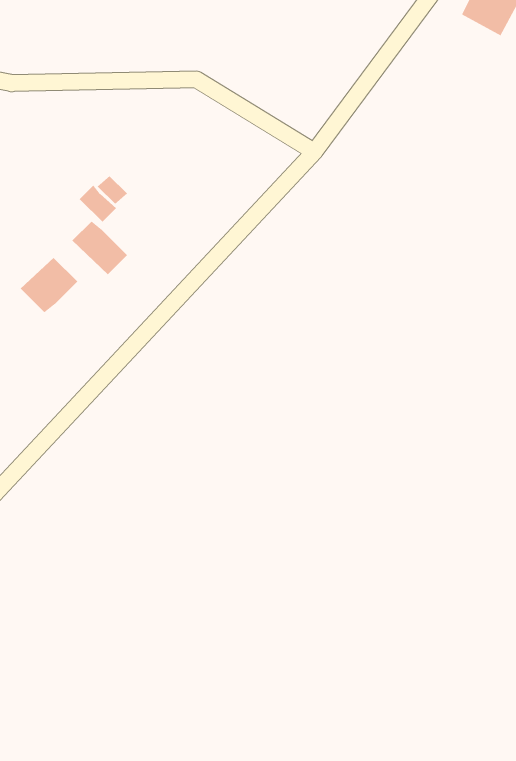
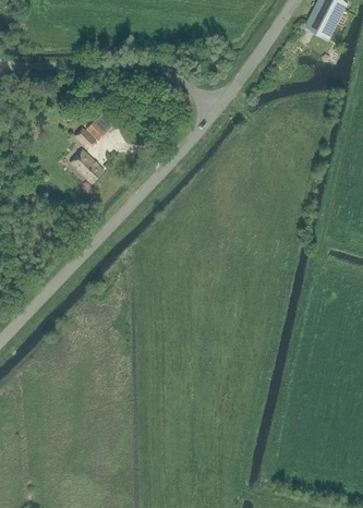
building: [20,257,78,313] -> none

